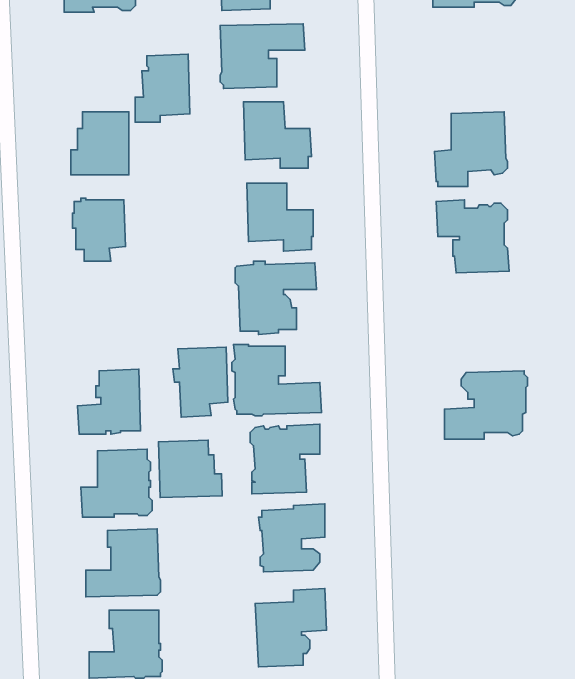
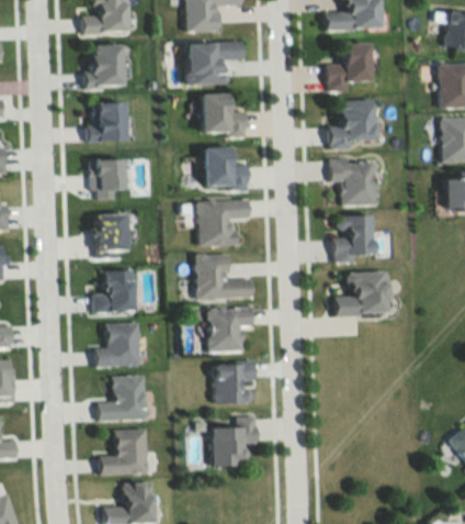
building: none -> [326,42,370,92]
building: [135,54,190,122] -> [87,43,123,88]
building: none -> [332,214,374,264]
building: [173,347,228,417] -> [91,212,127,258]
building: [158,440,222,498] -> none

